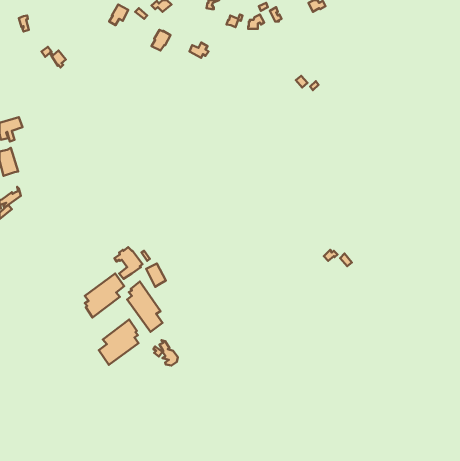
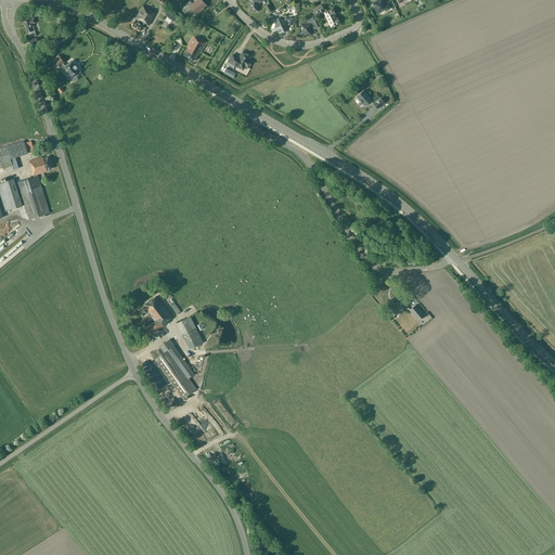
building: none -> [16,156,51,219]
building: [85,273,124,318] -> none
building: [99,319,138,365] -> none

